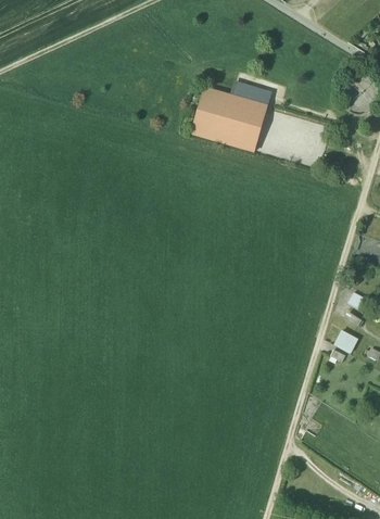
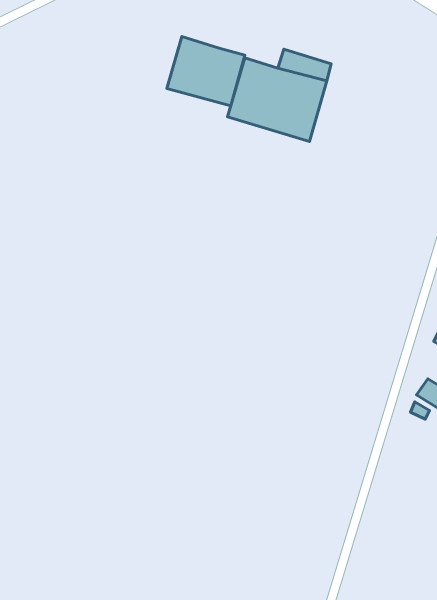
building: none -> [167,37,245,106]

